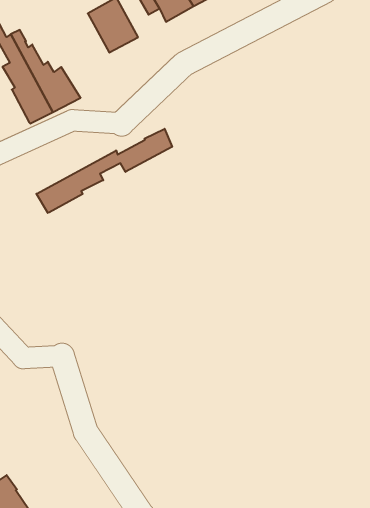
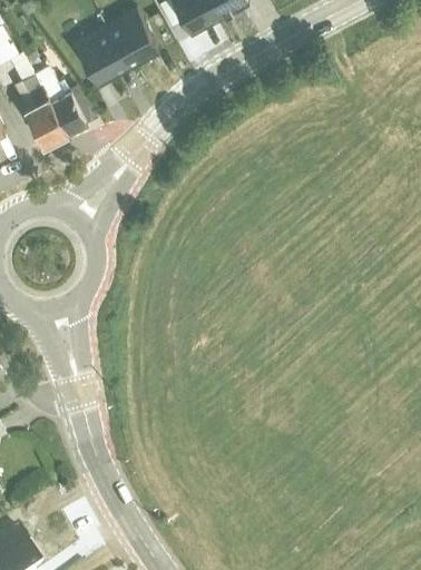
building: none -> [72,27,128,87]
building: [36,129,172,213] -> none

